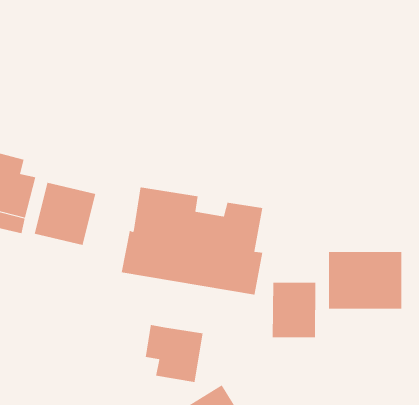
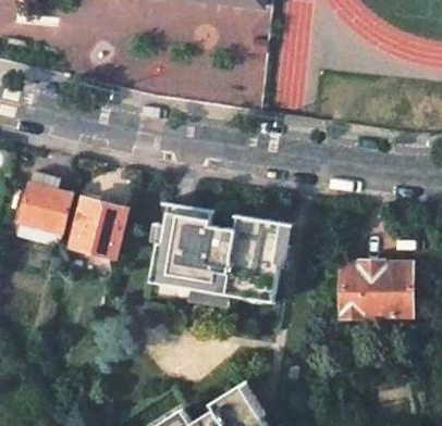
building: [272,282,316,338] -> none
building: [145,324,203,383] -> none

